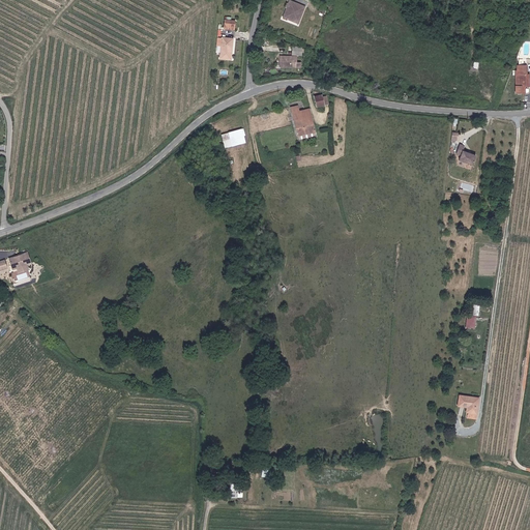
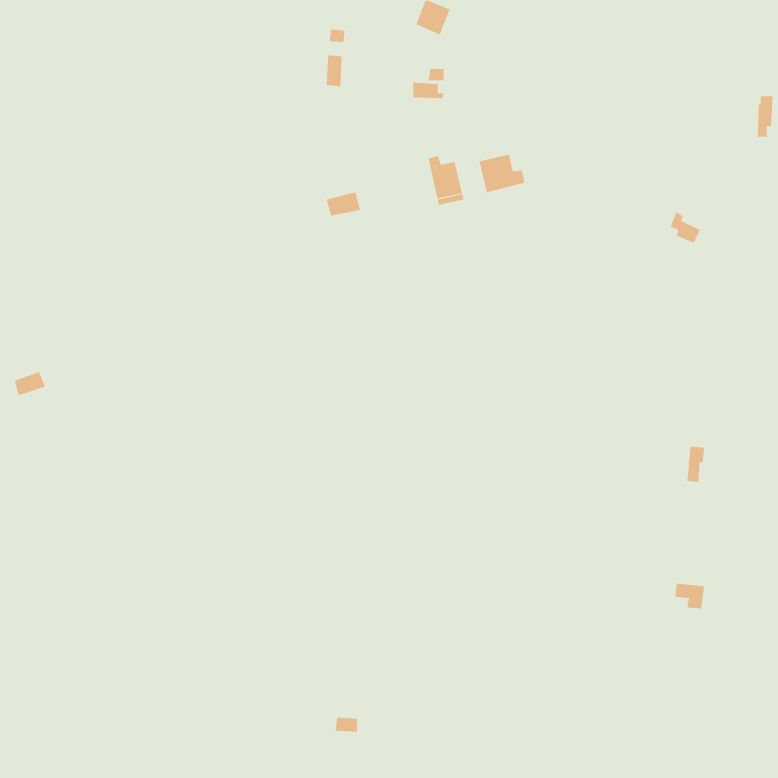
building: none -> [479,154,525,193]

